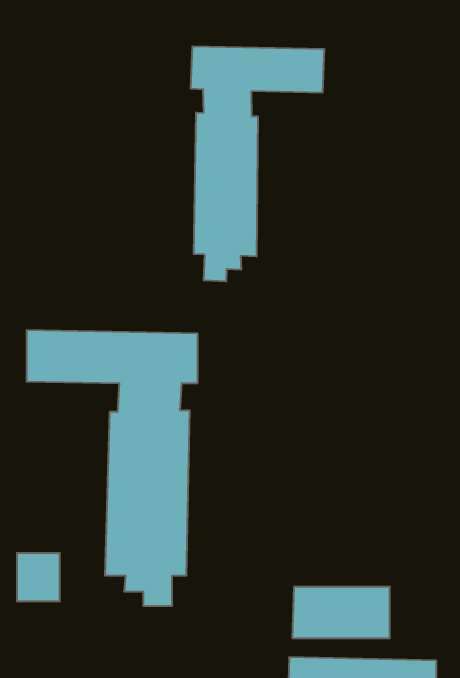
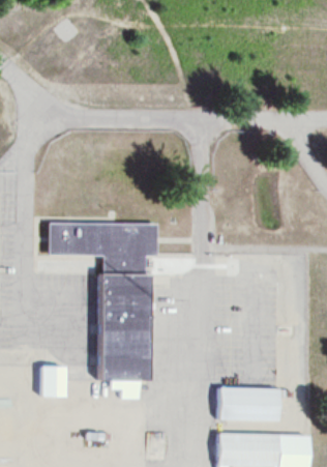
building: [191,46,324,282] -> none

